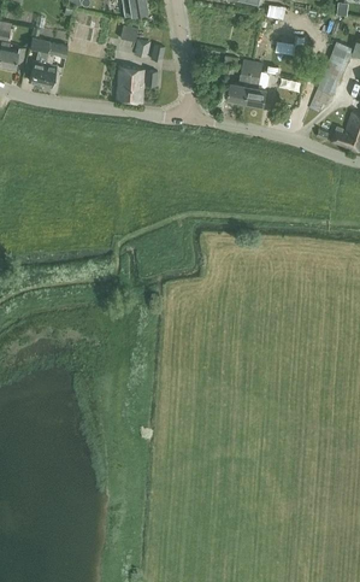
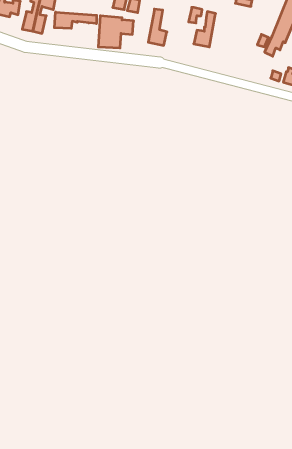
building: none -> [54,12,97,28]
building: [244,63,266,105] -> [148,9,167,45]

